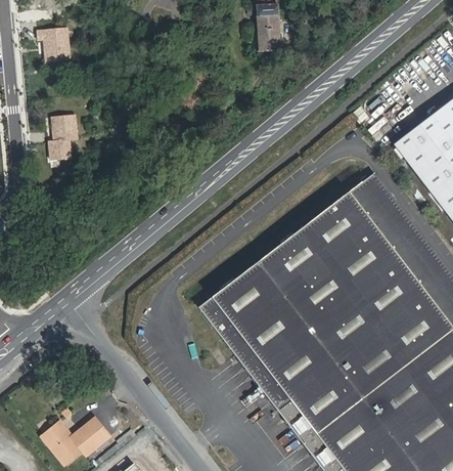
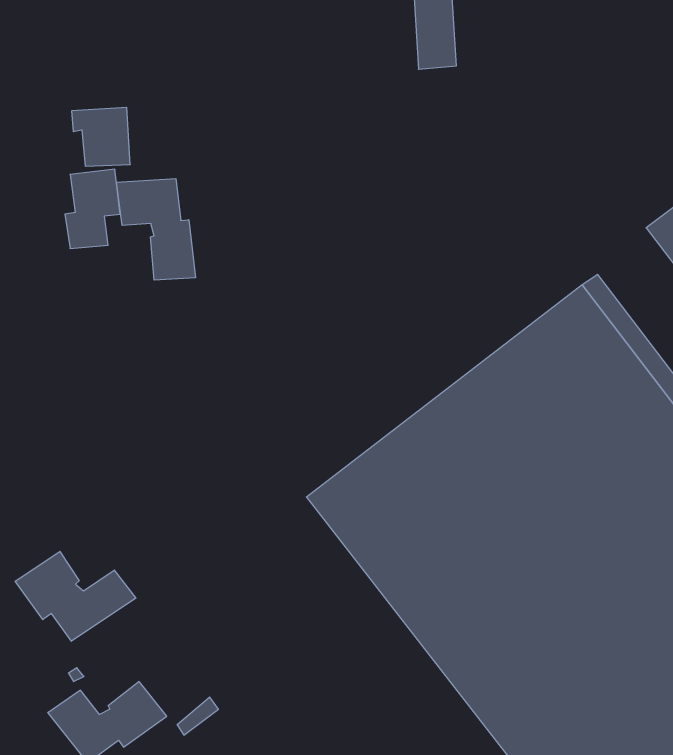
building: [41,26,76,60] -> [72,107,130,166]
building: none -> [116,179,195,280]
building: none -> [15,551,136,641]

